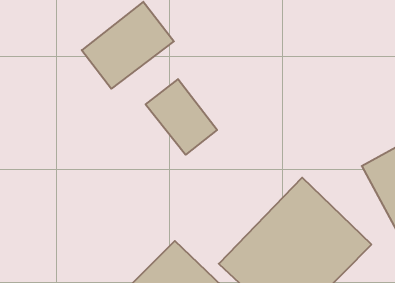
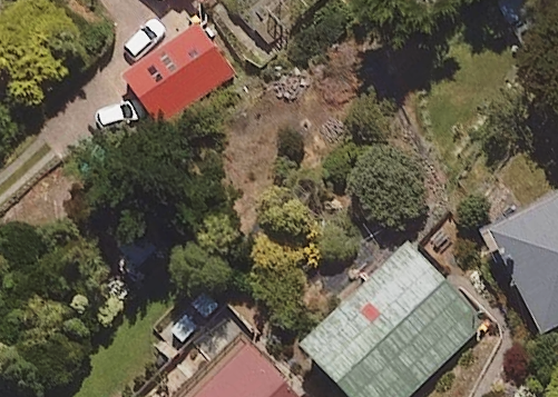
building: [146,79,217,155] -> none

